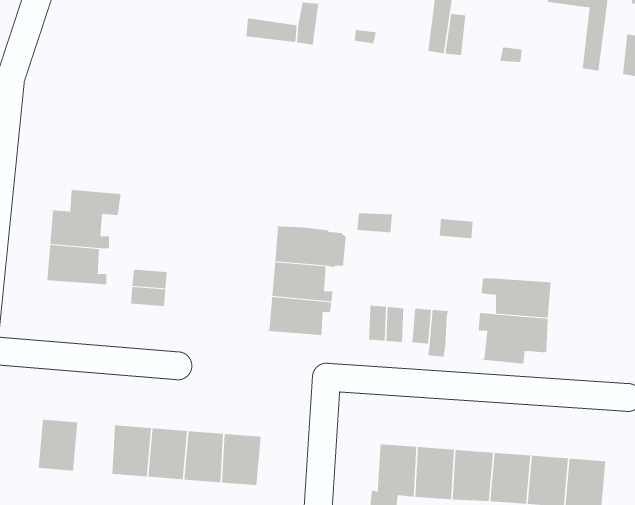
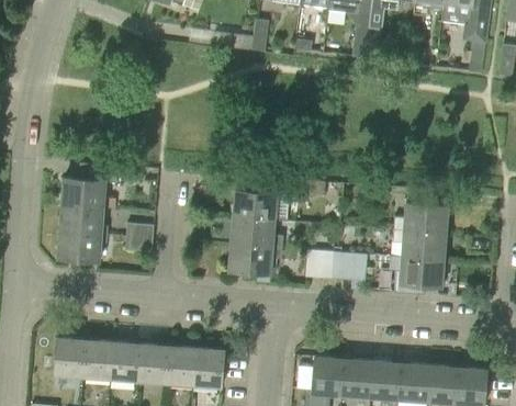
building: none -> [392,203,447,233]
building: none -> [57,232,106,261]
building: none -> [81,339,112,379]

